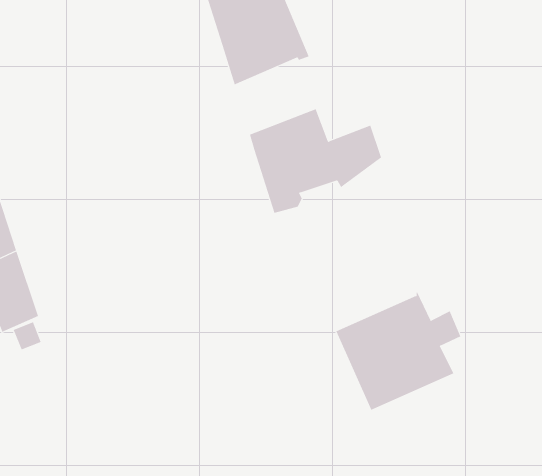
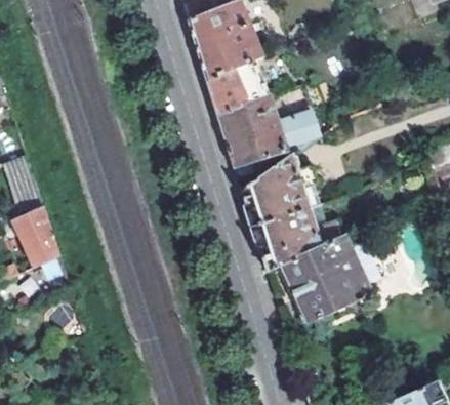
building: none -> [206,59,268,117]
building: none -> [240,155,342,273]

